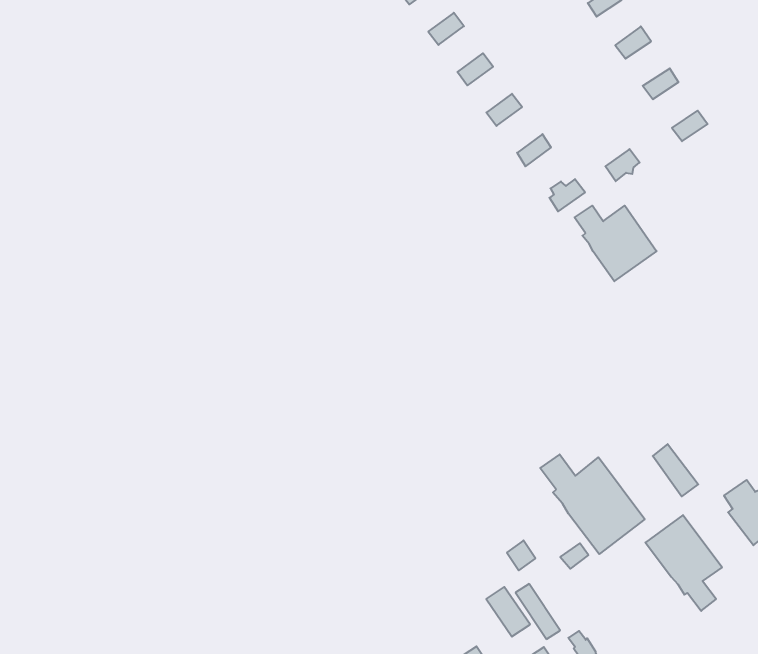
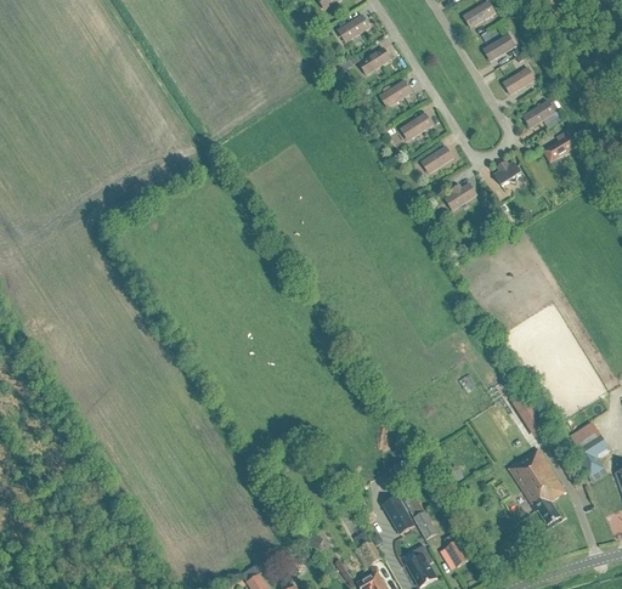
building: [575,206,657,281] -> none
building: [540,454,645,554] -> none

